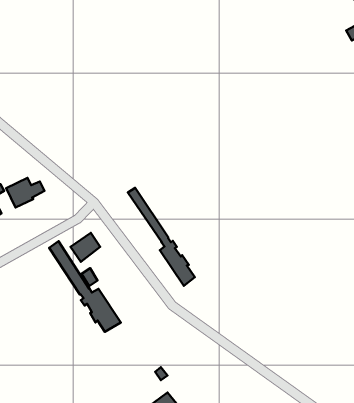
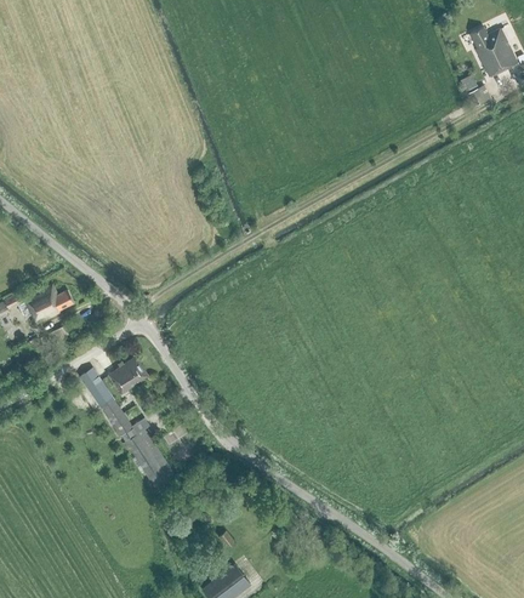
building: [128,188,195,286] -> none

